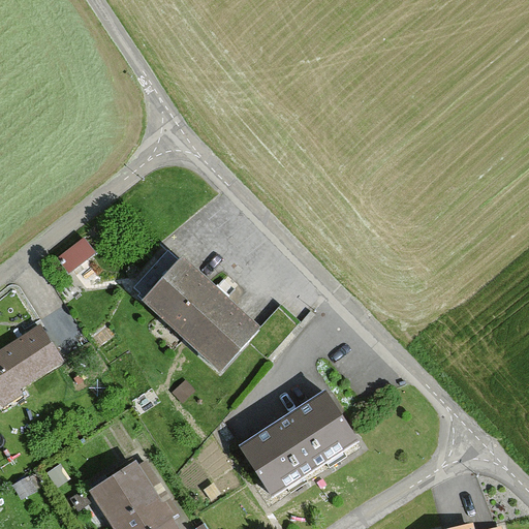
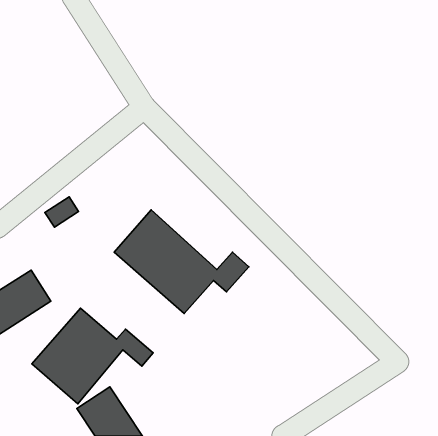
building: none -> [32,308,153,404]
building: [240,392,357,496] -> none

